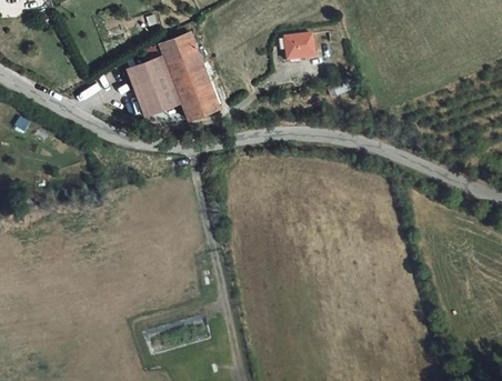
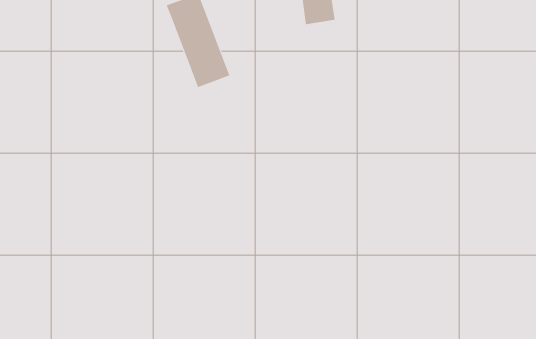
building: [126,53,181,114] -> none

